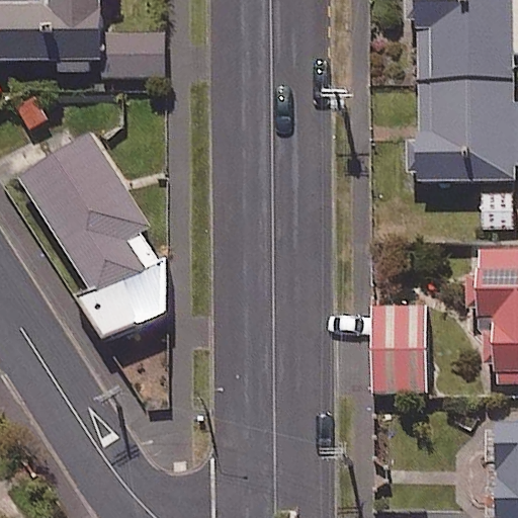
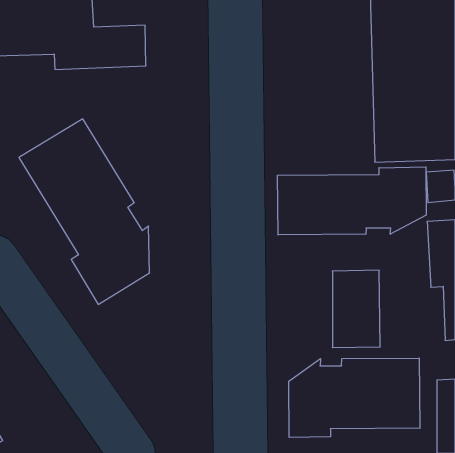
building: none -> [277,167,426,235]
building: none -> [289,358,420,437]

